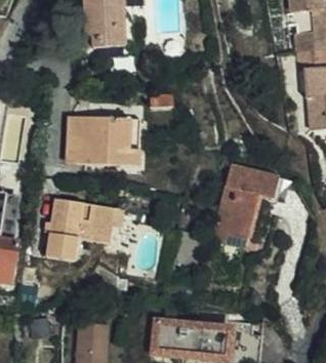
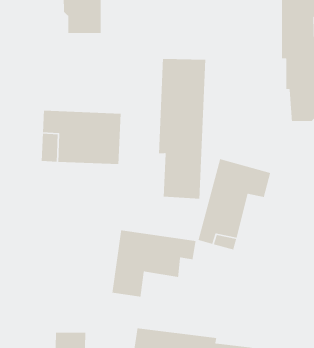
building: none -> [158,58,206,199]
building: [48,198,127,261] -> [112,229,196,298]

